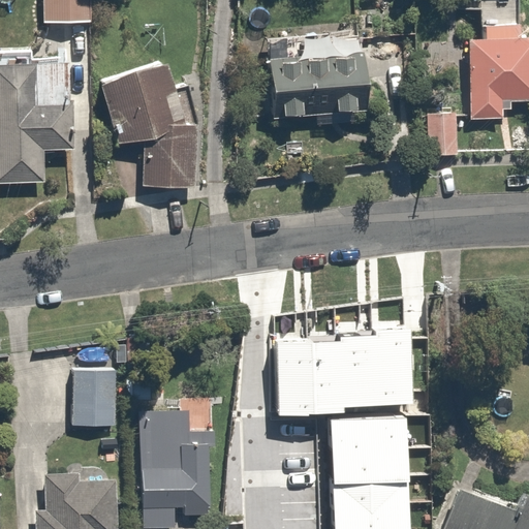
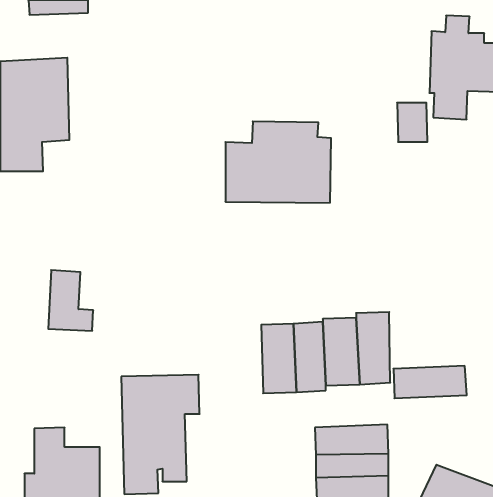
building: [256,26,368,112] -> [225,121,331,203]
building: [87,56,190,184] -> none
building: [69,359,117,423] -> [48,270,93,331]
building: [339,421,416,455] -> [393,366,467,398]

